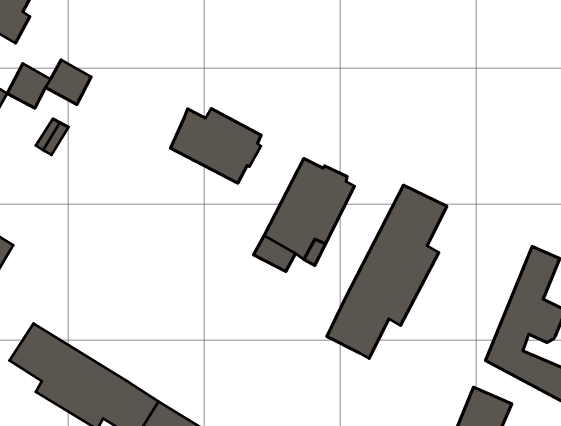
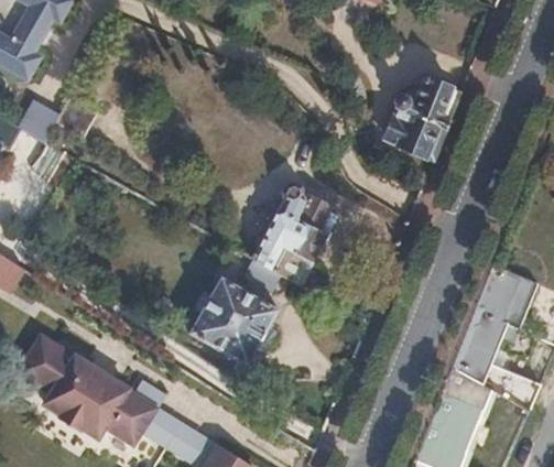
building: none -> [388,76,461,156]
building: [170,109,261,183] -> none
building: [327,185,447,358] -> none
building: none -> [189,276,276,365]

